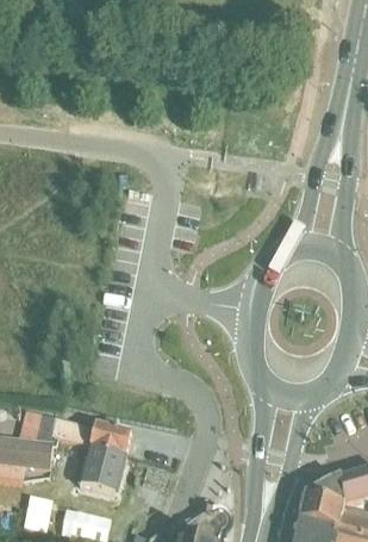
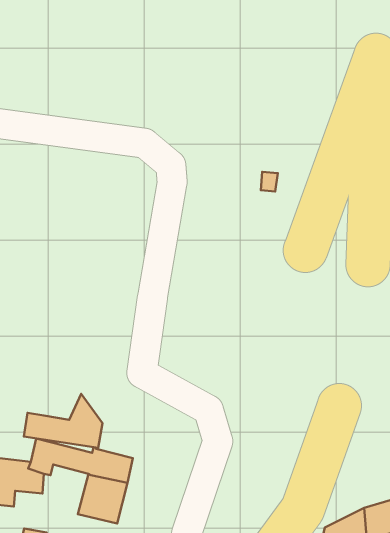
building: none -> [24,394,102,448]

